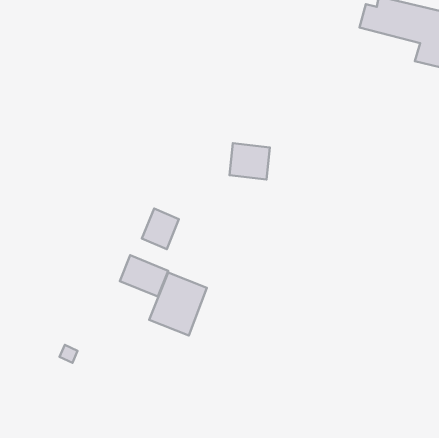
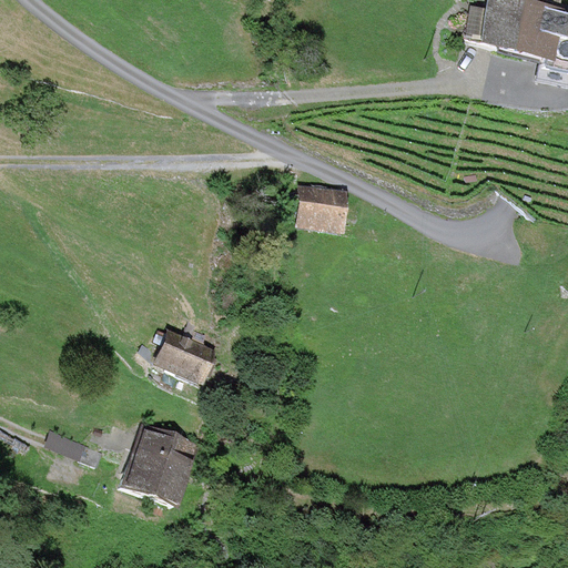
building: [142,209,179,249] -> none
building: [149,272,207,335] -> [120,426,194,507]

